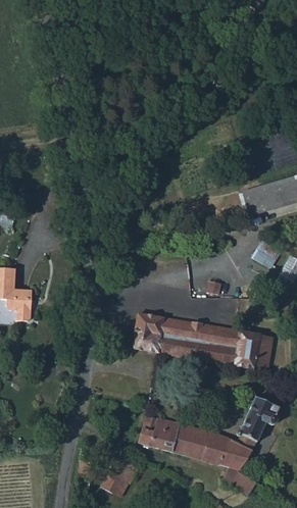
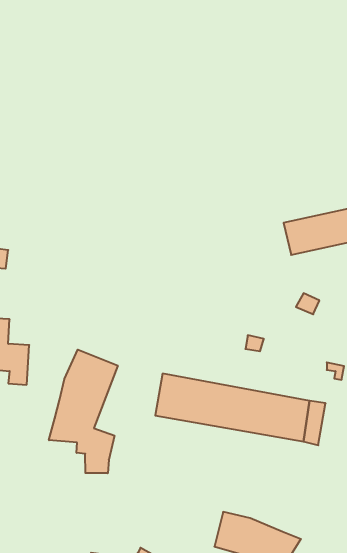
building: none -> [49,350,118,473]
building: [240,397,282,449] -> none
building: [141,416,191,455] -> none

